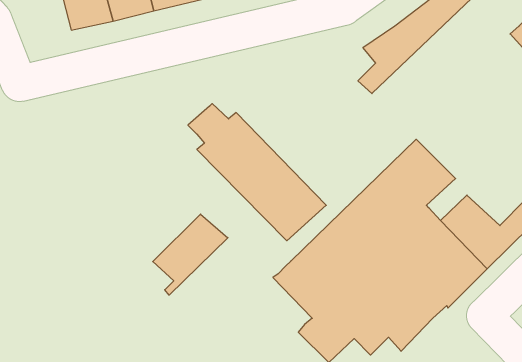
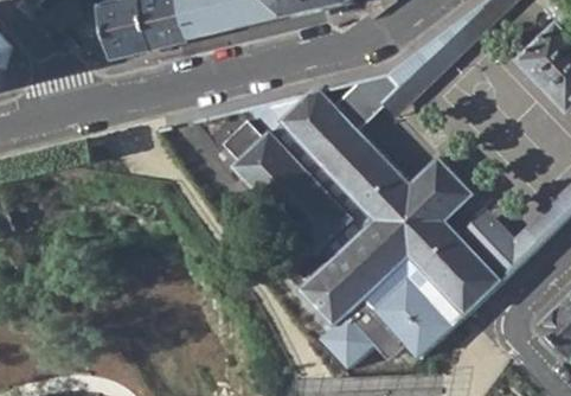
building: none -> [278,74,398,207]
building: [153,214,228,295] -> none

